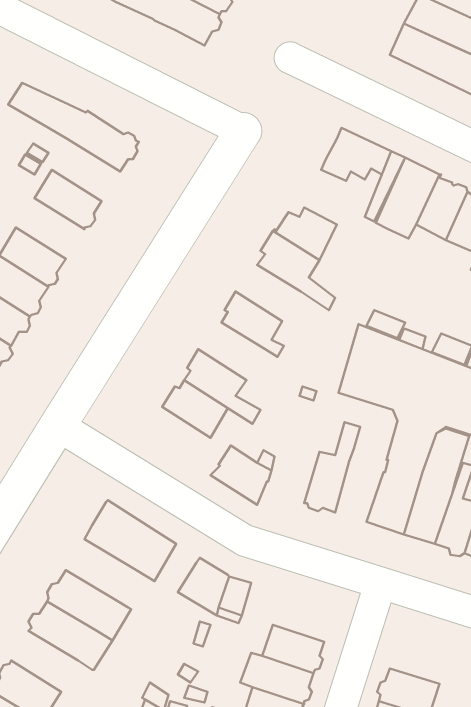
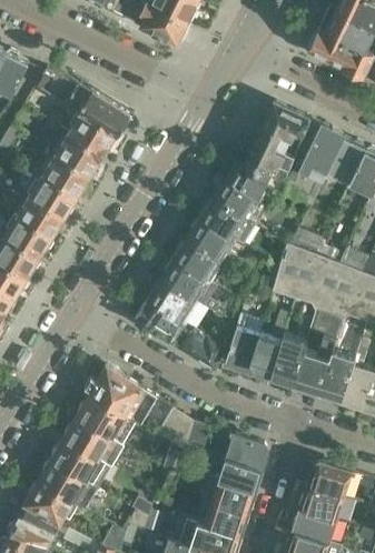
building: none -> [68,110,117,154]
building: none -> [248,132,285,171]
building: none -> [42,152,91,195]
building: none -> [199,200,246,240]
building: none -> [172,241,220,282]
building: none -> [135,301,181,343]
building: none -> [226,313,264,370]
building: none -> [270,331,308,383]
building: none -> [78,395,136,444]
building: none -> [226,434,268,469]
building: none -> [39,461,97,510]
building: none -> [309,462,353,499]

